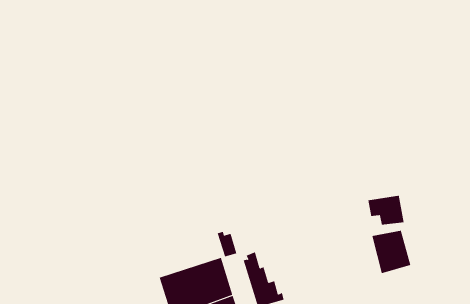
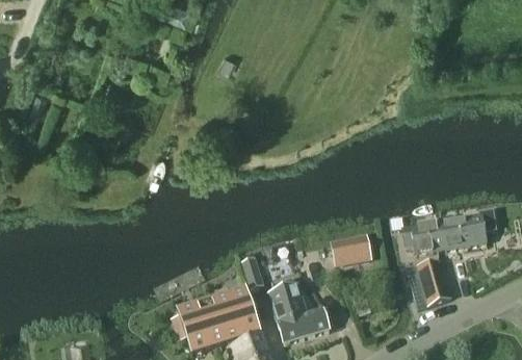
building: none -> [438,211,488,250]
building: none -> [331,234,370,262]
building: none -> [283,278,330,333]

